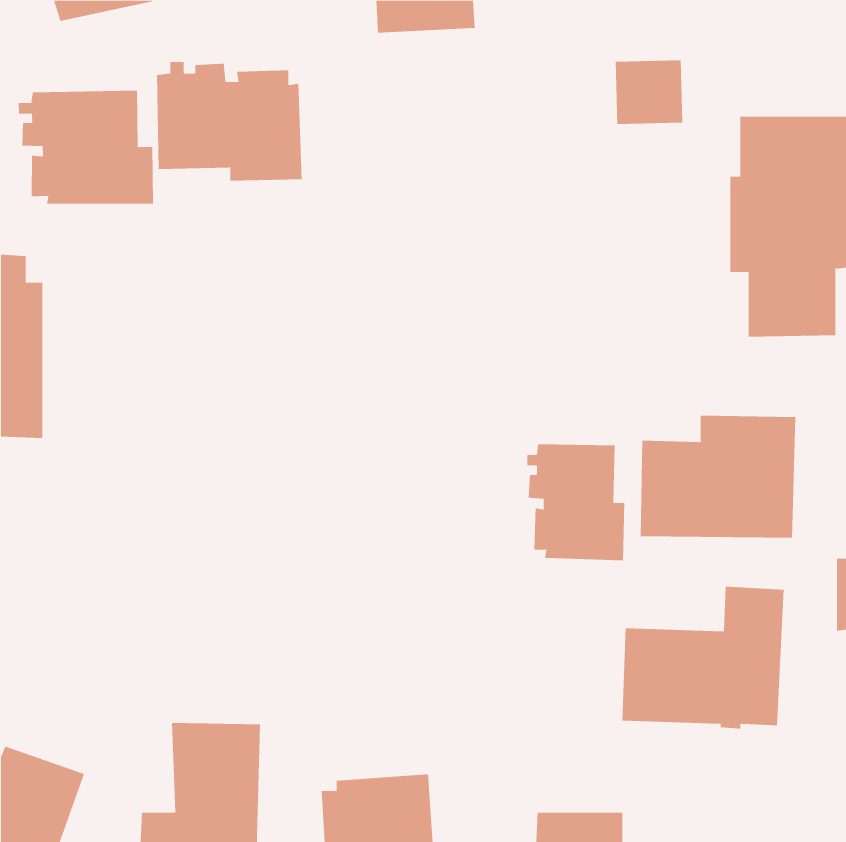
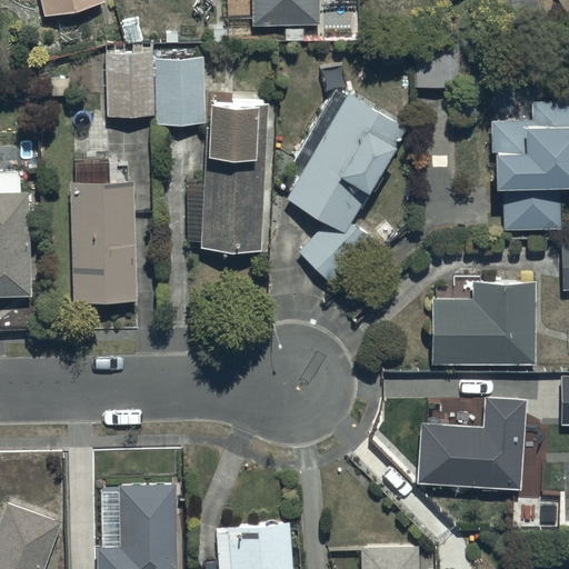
building: [18,90,154,205] -> none
building: none -> [286,90,408,288]
building: none -> [184,99,262,249]
building: none -> [71,163,137,301]
building: [527,443,625,561] -> none

